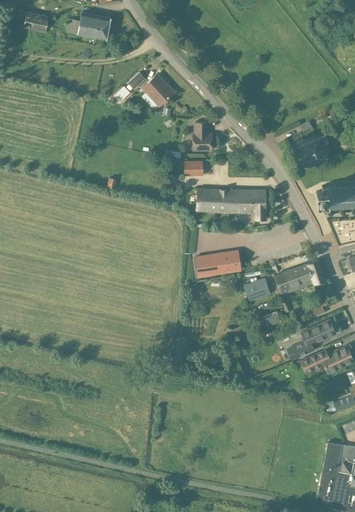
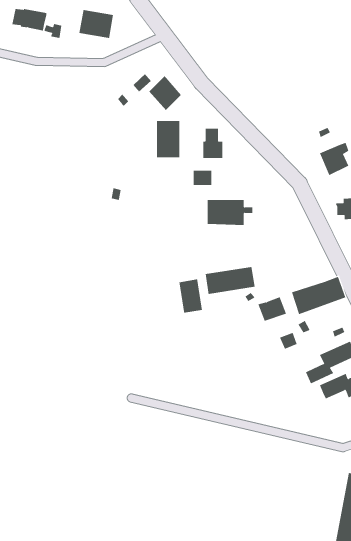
building: none -> [157,120,180,158]
building: [232,189,267,220] -> none
building: none -> [179,278,203,314]

